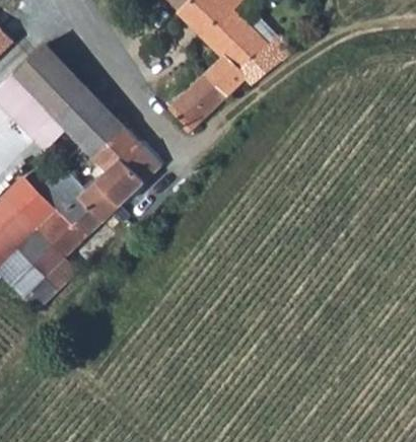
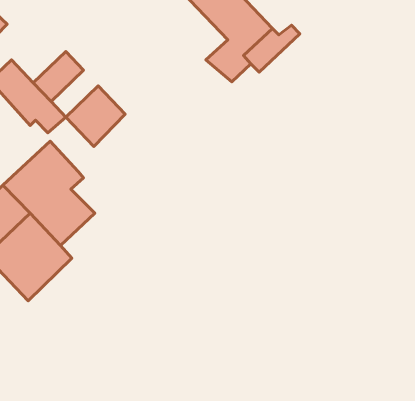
building: [14,45,67,97] -> none
building: [171,75,228,130] -> none
building: [53,85,98,131] -> none
building: [72,128,157,224] -> none

